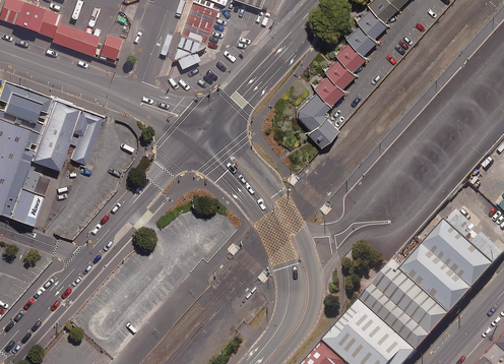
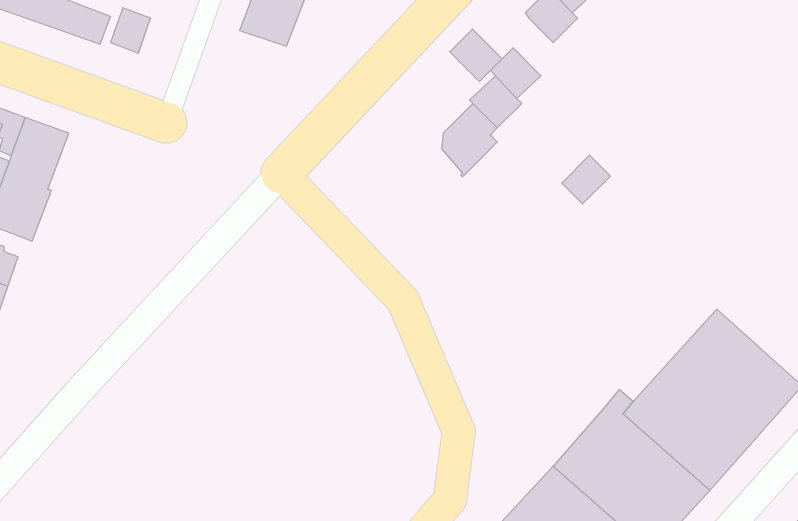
building: [331,40,362,70] -> [450,29,502,81]
building: [65,107,101,164] -> none
building: [306,116,334,144] -> [562,155,610,204]

